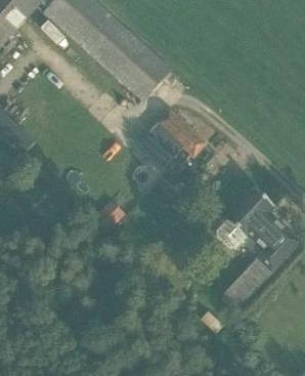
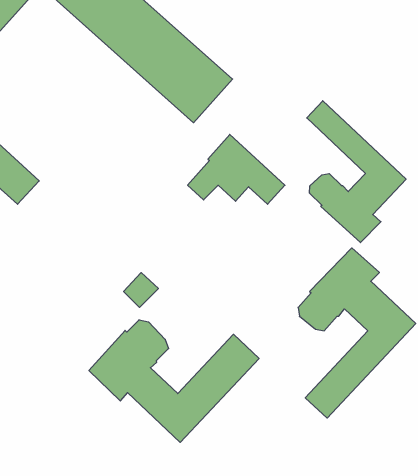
building: none -> [307,101,406,243]
building: none -> [89,320,259,442]

